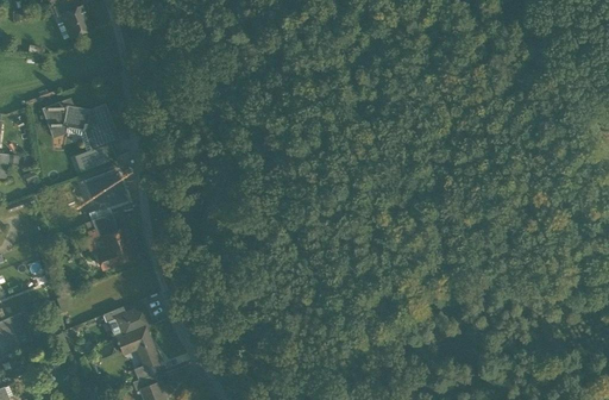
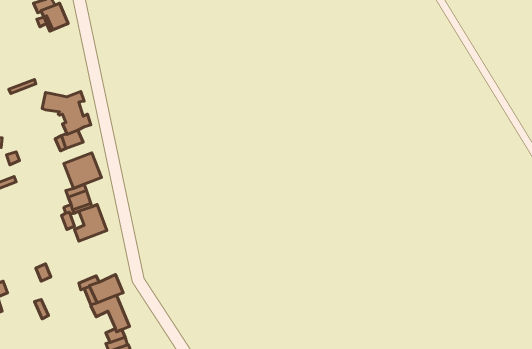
building: [42,99,73,137] -> none

